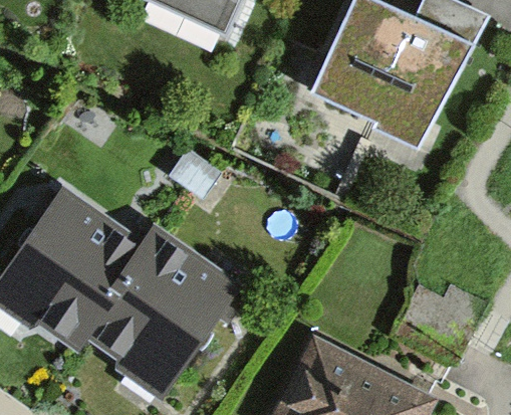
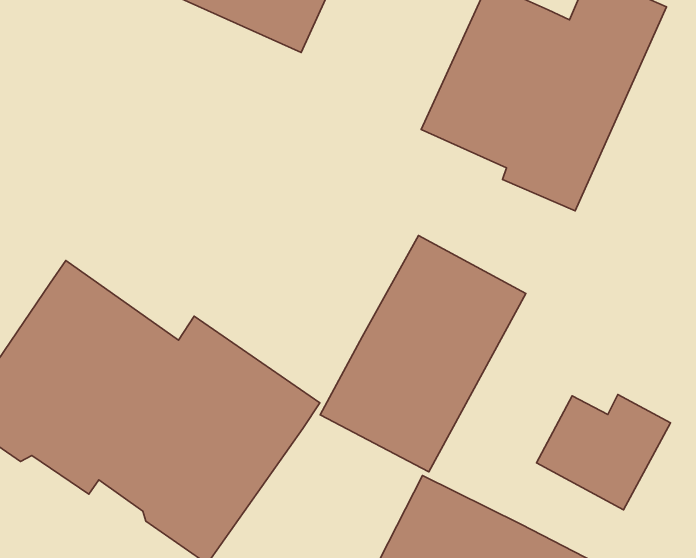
building: none -> [320,235,526,472]

